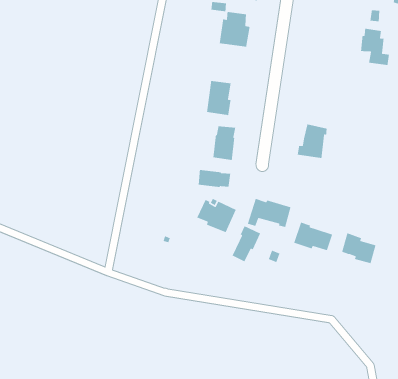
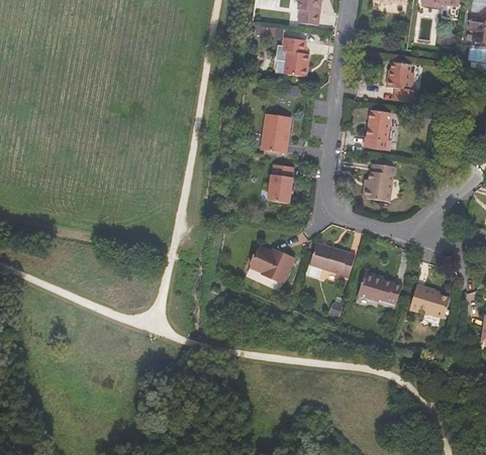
building: [360,28,390,66] -> [387,61,420,103]
building: none -> [365,109,391,150]
building: [198,169,231,188] -> none
building: [231,225,261,262] -> none

